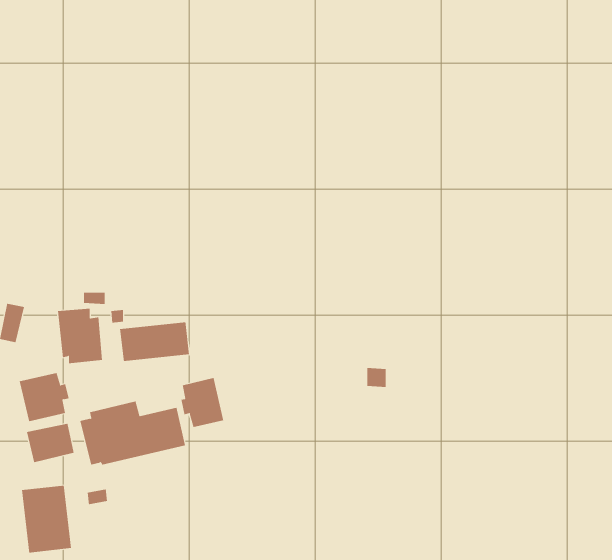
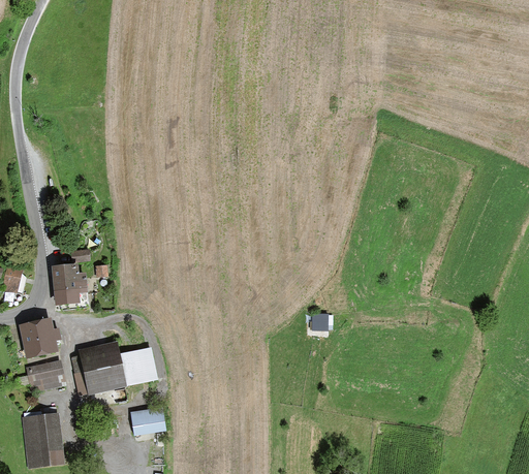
building: [120,321,190,362] -> none
building: [181,377,224,428] -> none
building: none -> [131,406,166,435]

